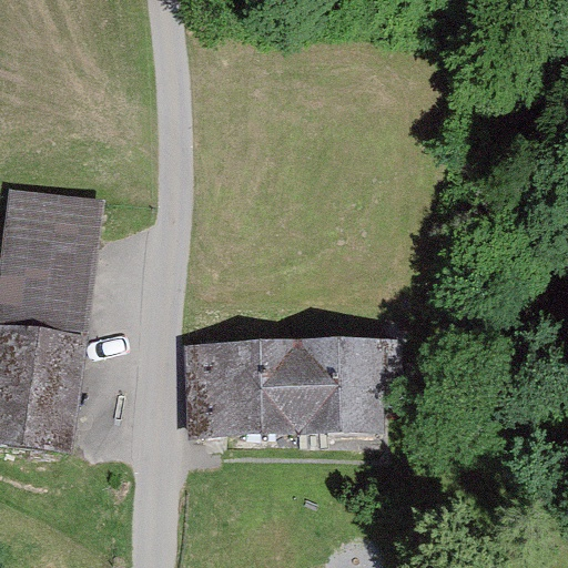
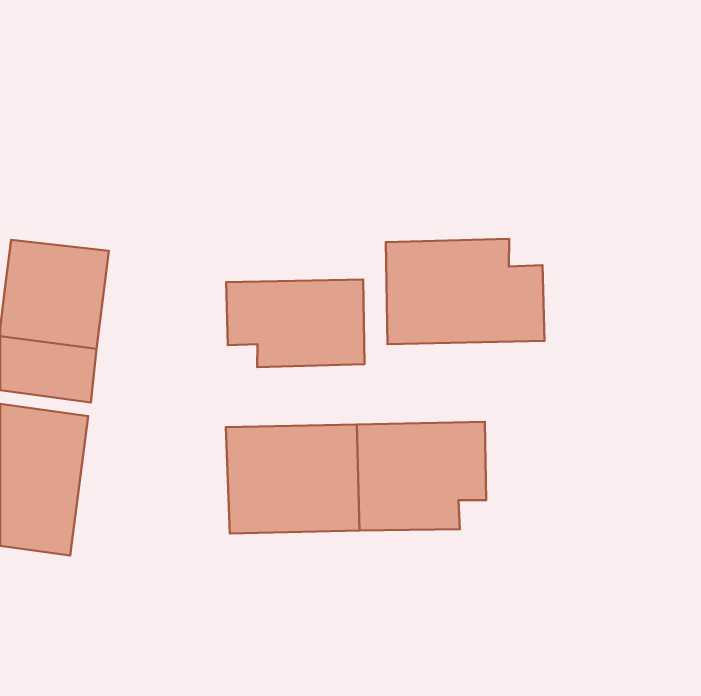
building: none -> [386,239,545,344]
building: none -> [226,279,364,367]

